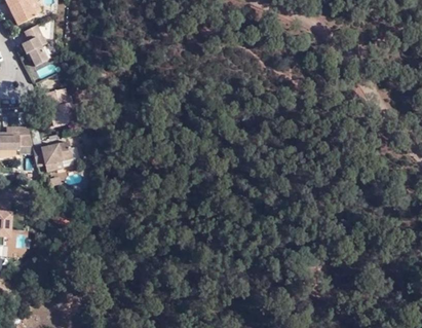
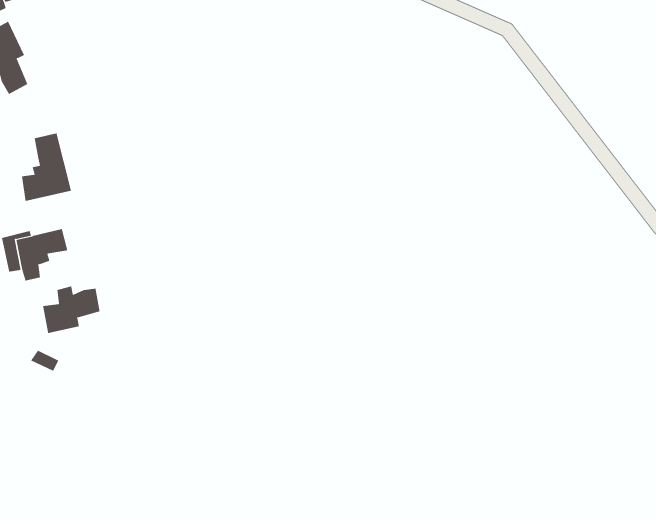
building: none -> [43,286,100,334]

